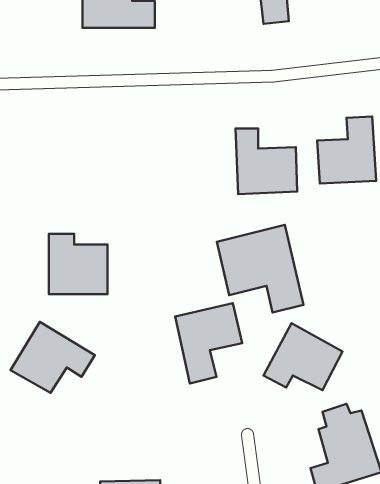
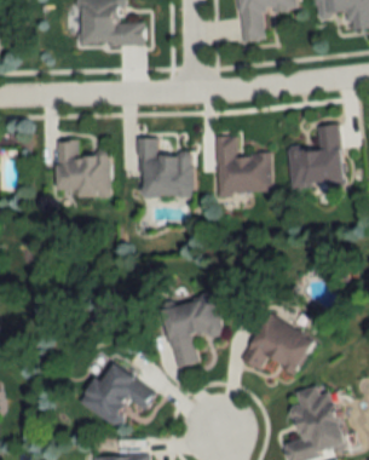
building: none -> [138,138,194,197]
building: [217,225,303,313] -> none
building: [49,234,108,294] -> [57,142,110,196]
building: [10,322,95,393] -> [80,360,156,424]

